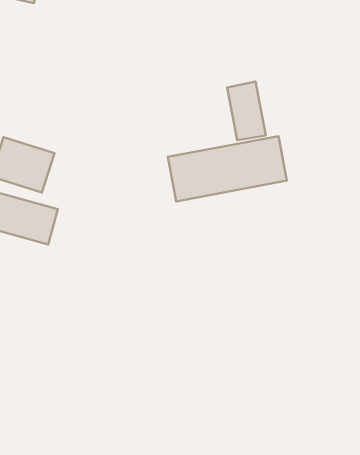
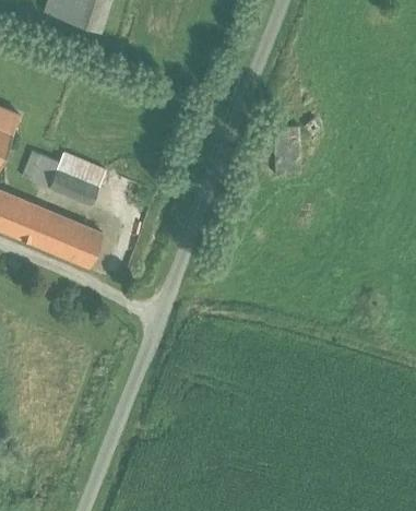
building: [168,136,287,201] -> none

